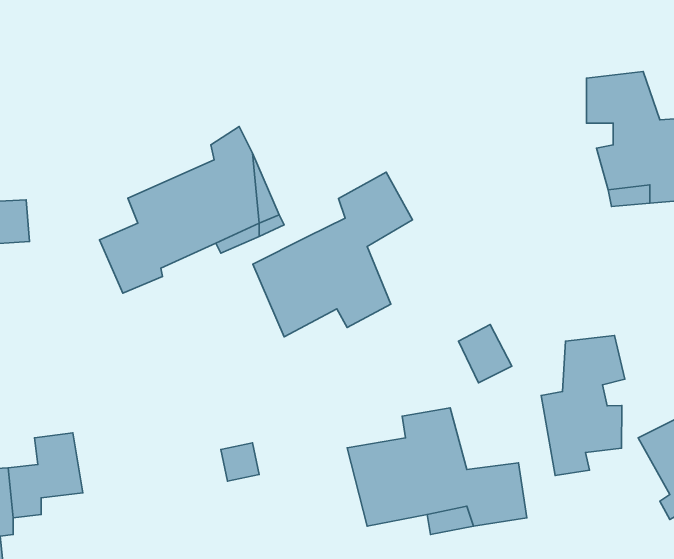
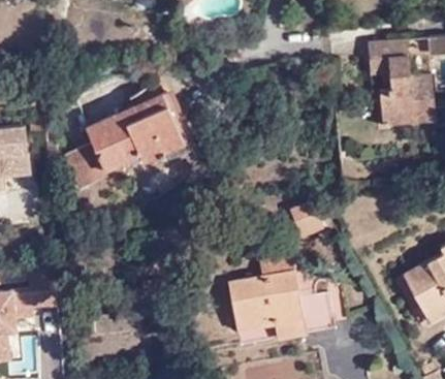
building: [253,172,413,337] -> none
building: [541,336,625,476] -> none

